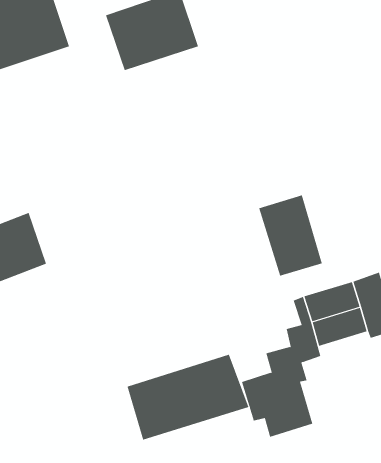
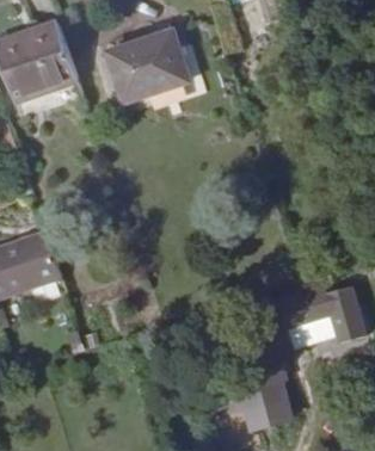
building: [259,195,323,276] -> none
building: [127,354,249,441] -> none

